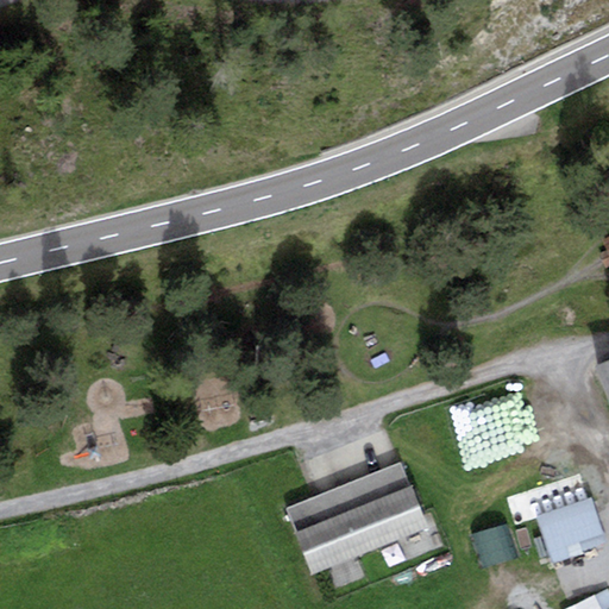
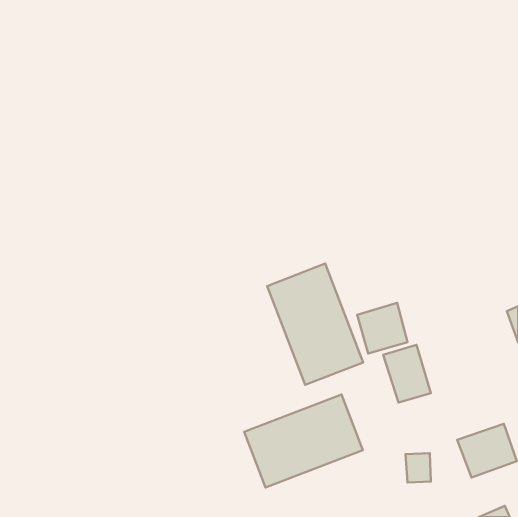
building: none -> [267,264,363,385]
building: none -> [357,303,408,353]

